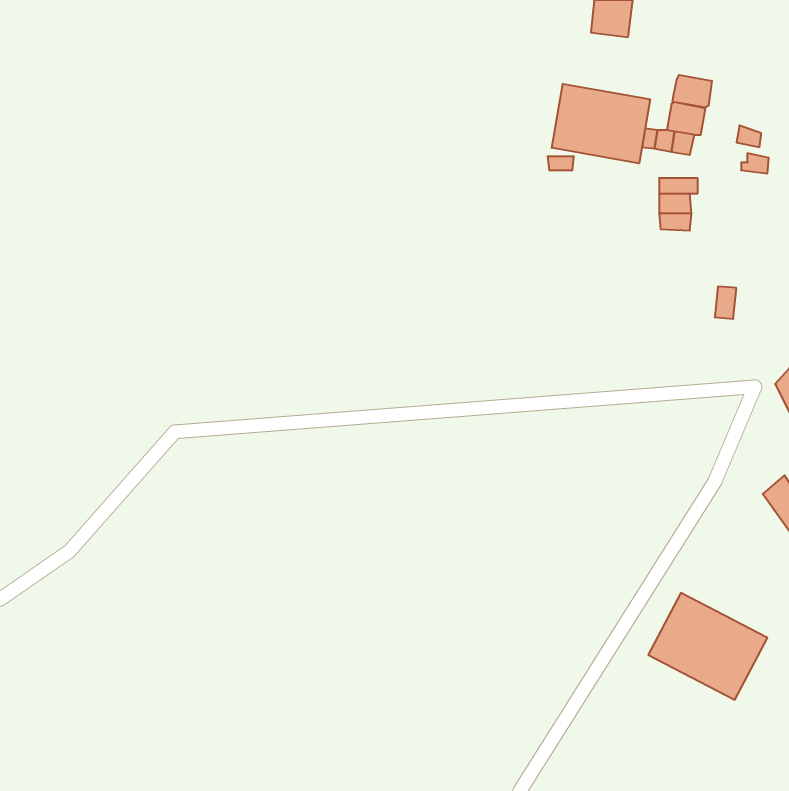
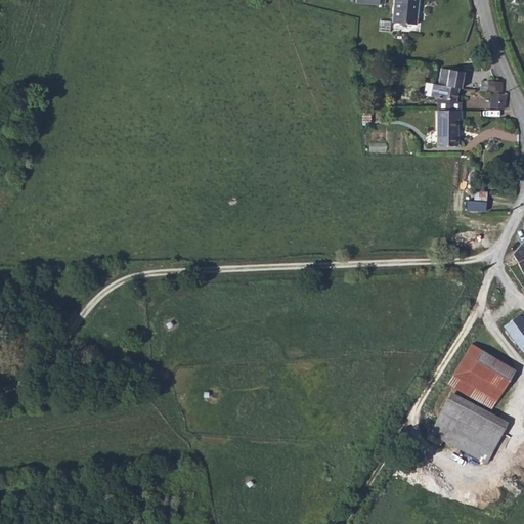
building: [673,75,712,108] -> none
building: [552,84,650,163] -> none
building: none -> [446,342,517,411]

